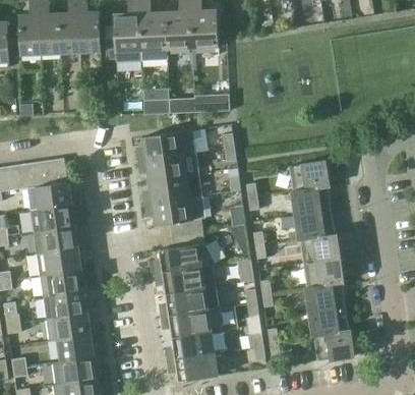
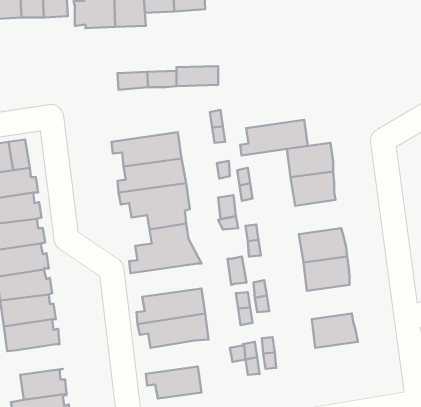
building: [137,129,195,160] -> [240,120,308,155]
building: [296,210,336,239] -> none
building: [155,265,216,293] -> none
building: [306,283,345,313] -> none
building: [166,331,213,359] -> none
building: [313,332,355,360] -> none
building: [57,334,97,360] -> none

